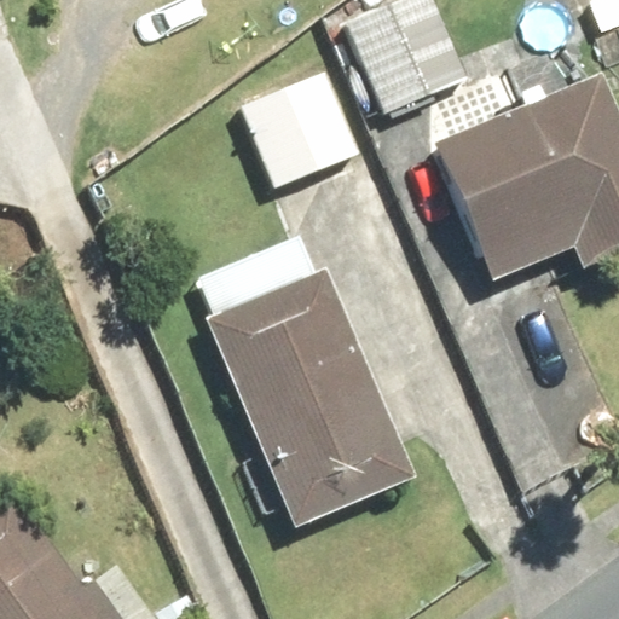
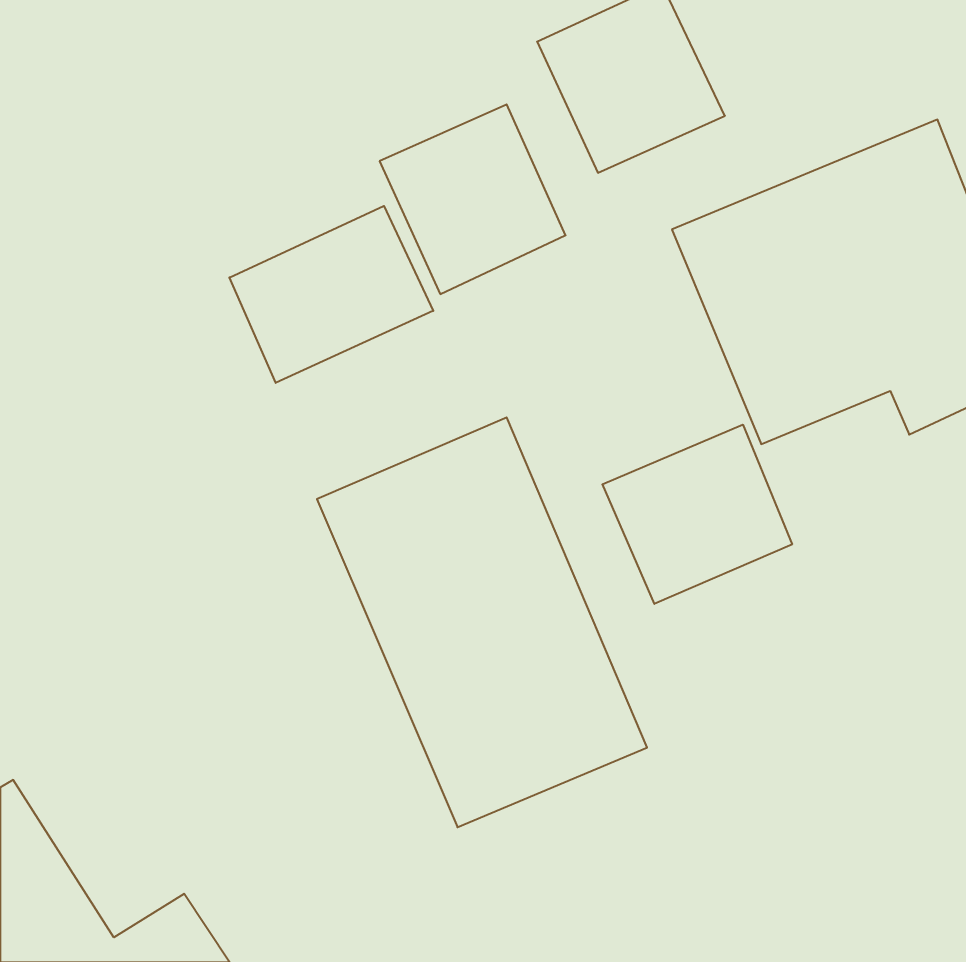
building: none -> [229,206,433,383]
building: none -> [602,425,792,604]

